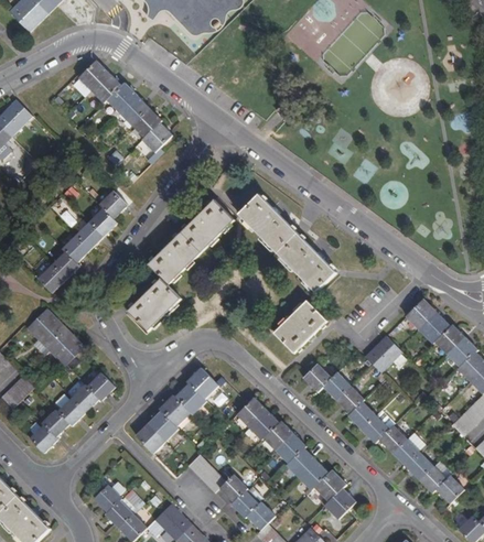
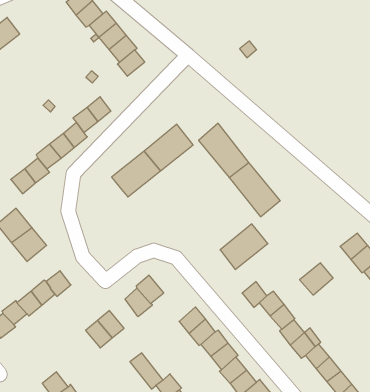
building: [128,279,181,330] -> none
building: [159,394,190,426] -> none

